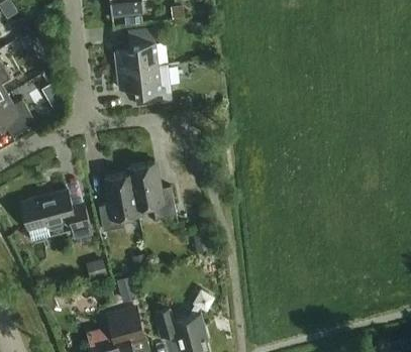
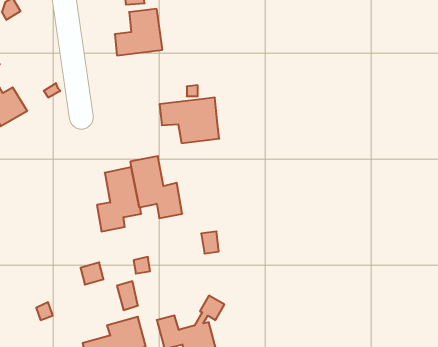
building: [116,65,171,106] -> [159,98,219,143]
building: [20,190,91,238] -> none

